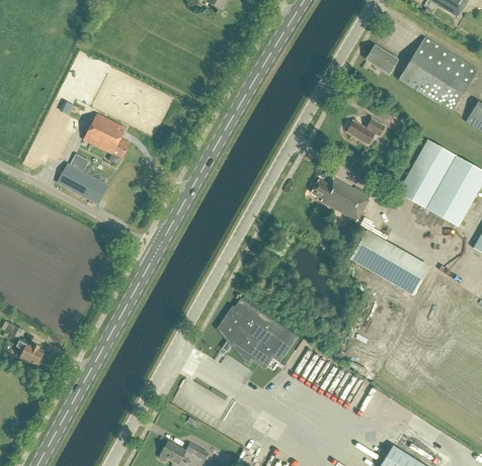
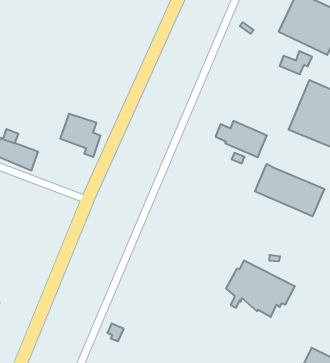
building: [366,44,396,72] -> none
building: [83,112,130,165] -> [60,114,101,157]
building: [346,117,385,144] -> [280,51,312,74]
building: [218,299,297,367] -> [226,261,295,317]

